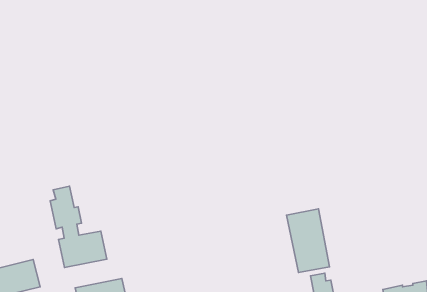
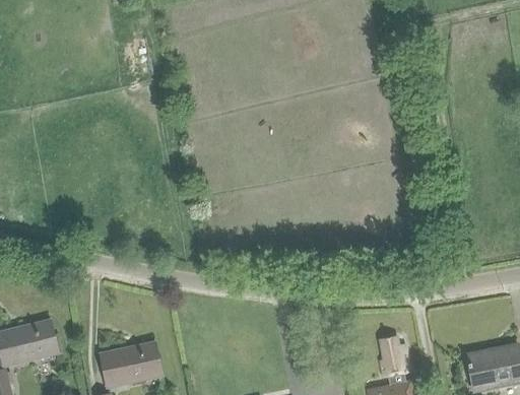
building: [50,186,107,268] -> none
building: [286,209,330,272] -> none

